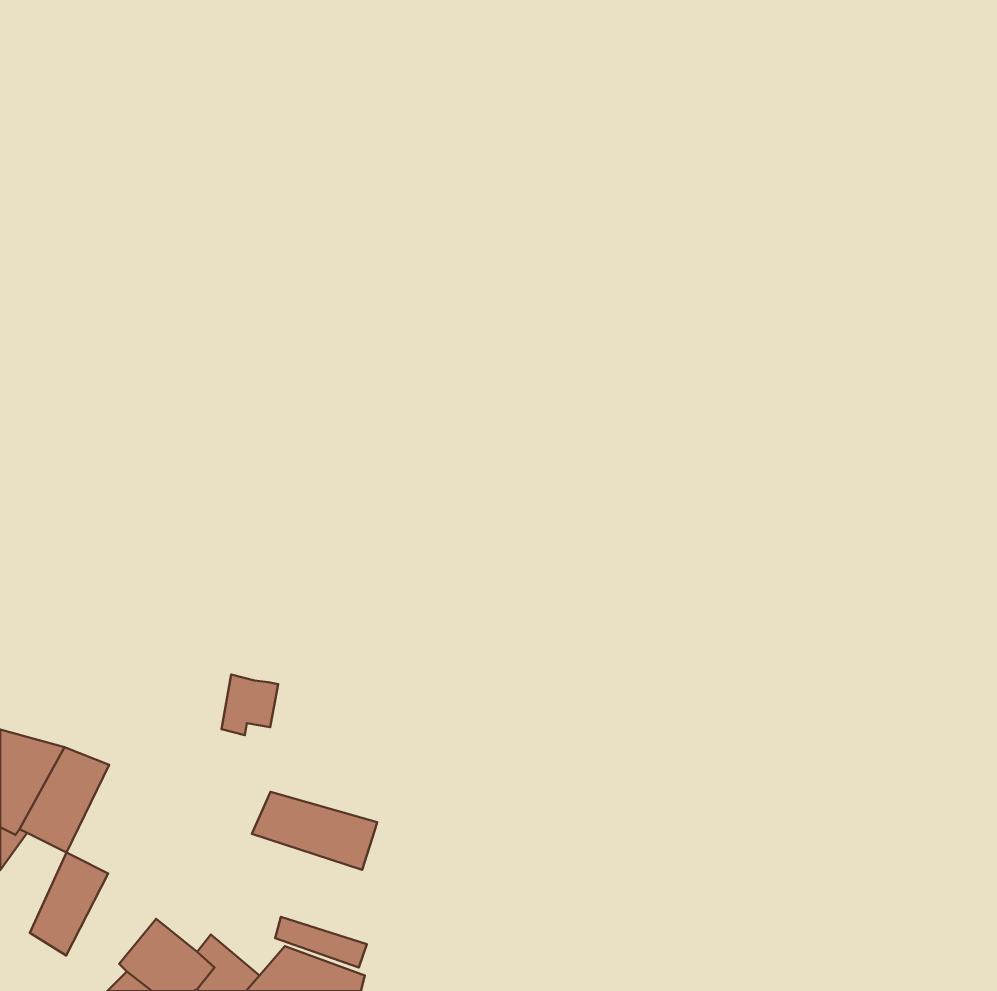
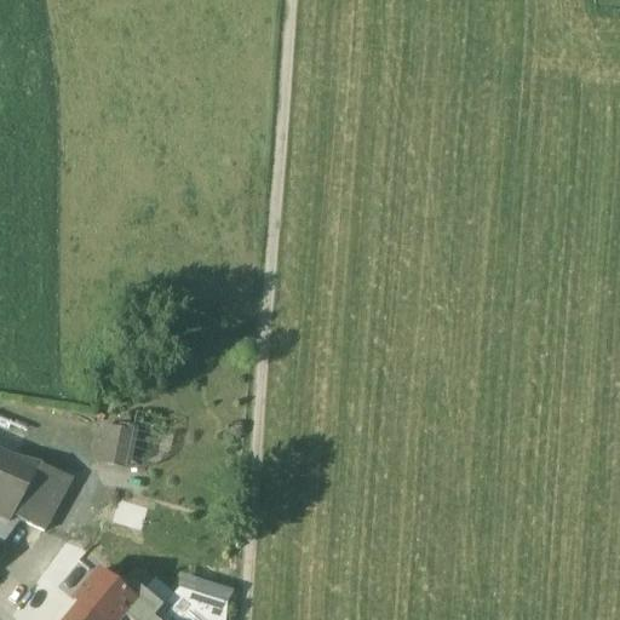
building: [221,675,278,735] -> [98,424,133,461]
building: [252,792,377,870] -> none
building: [30,852,108,956] -> none

